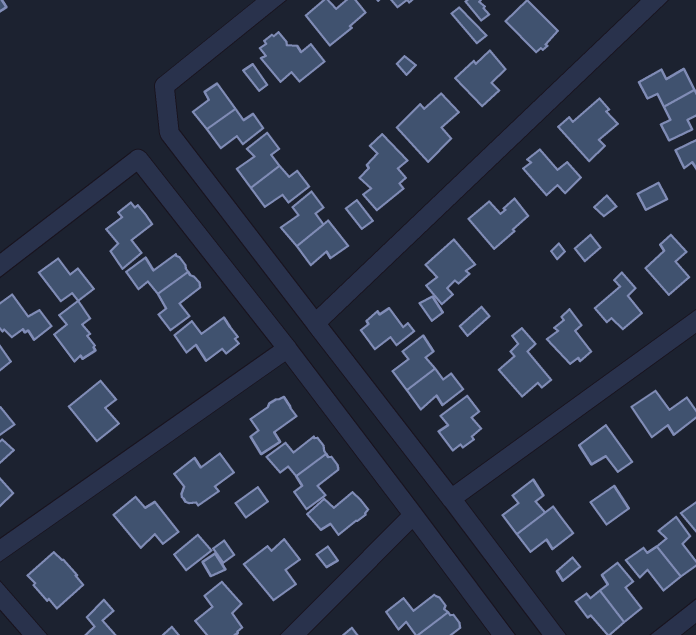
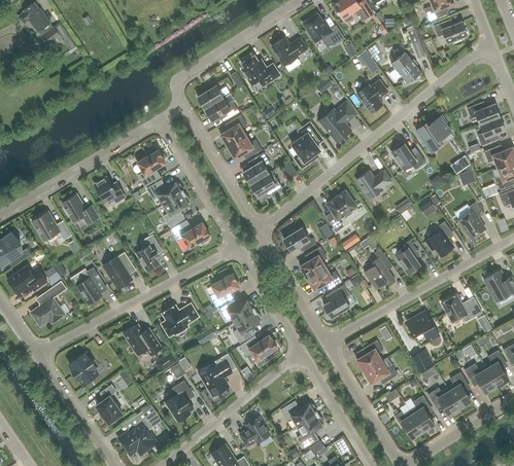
building: [54,301,95,361] -> [136,235,160,271]
building: none -> [76,267,101,303]

